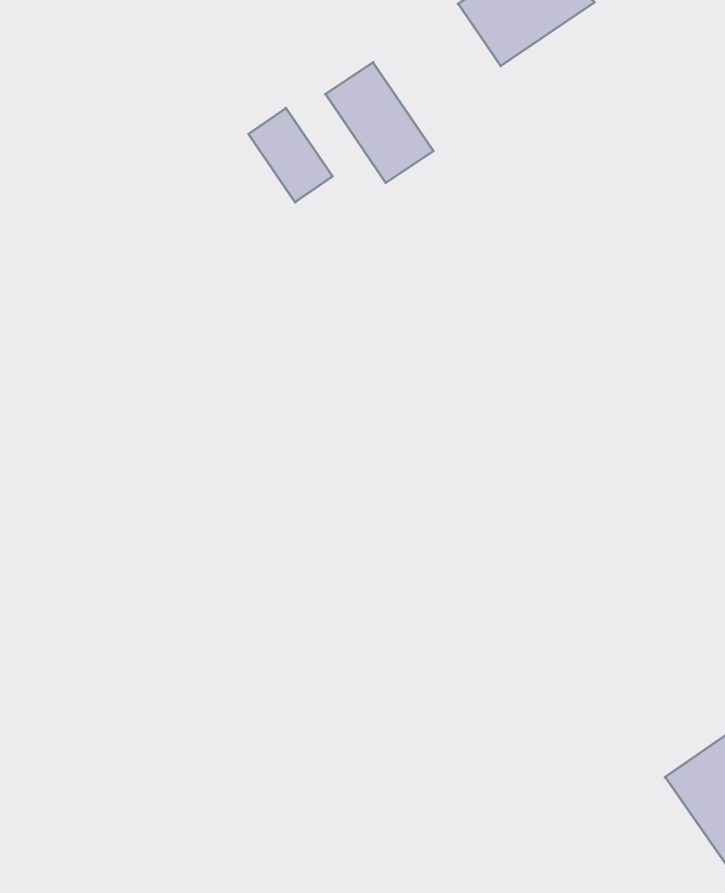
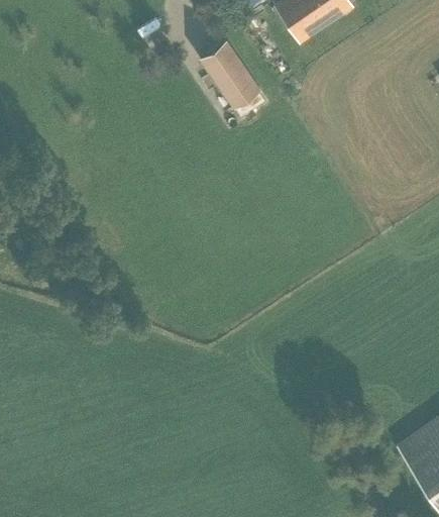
building: [249,108,332,202] -> none

